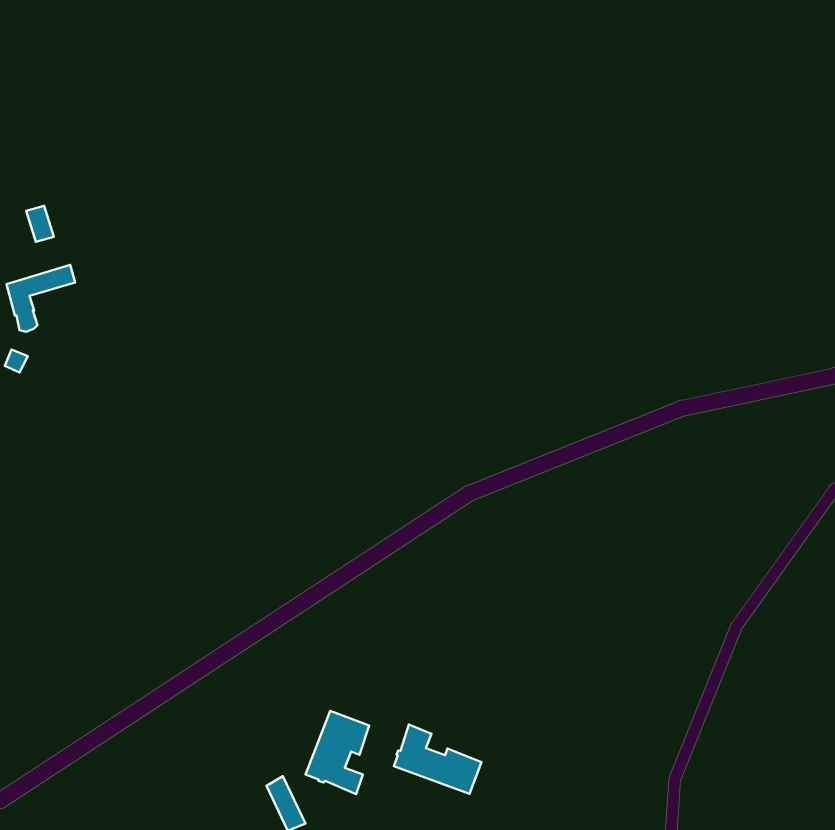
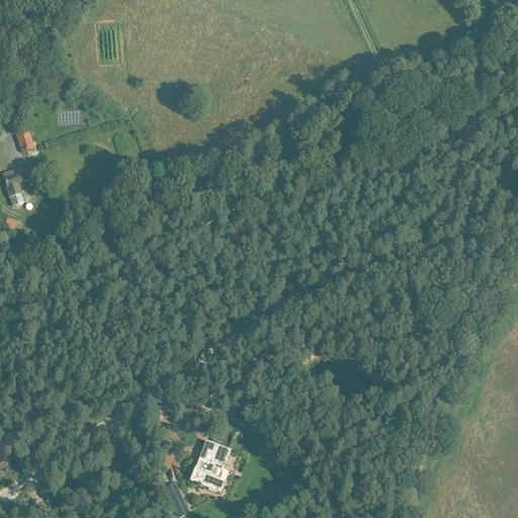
building: [394,725,481,794] -> none

